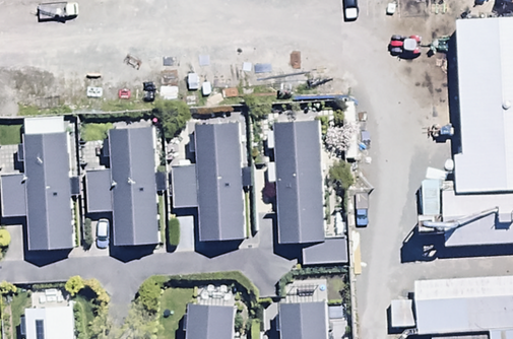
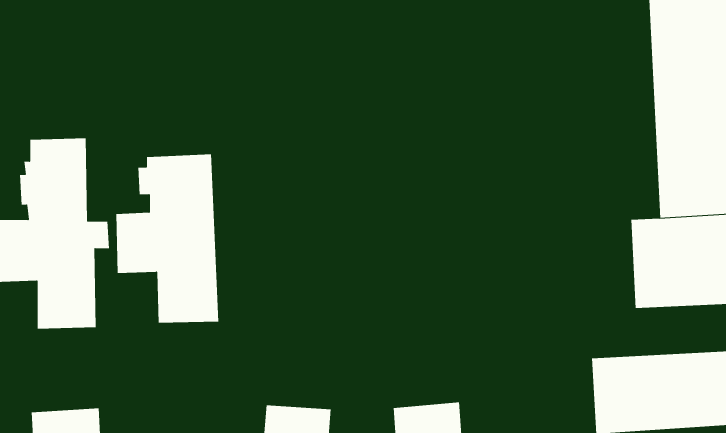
building: [171,123,249,240] -> none
building: [263,123,347,264] -> none

